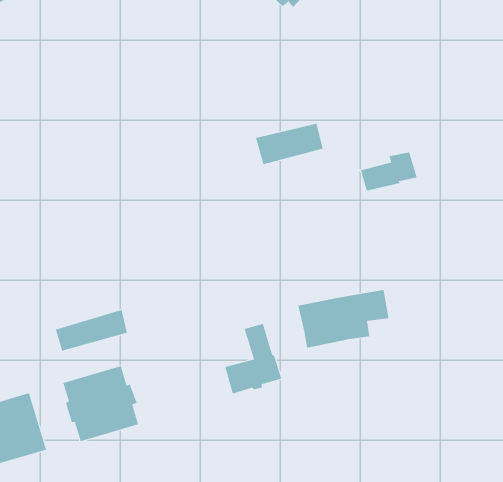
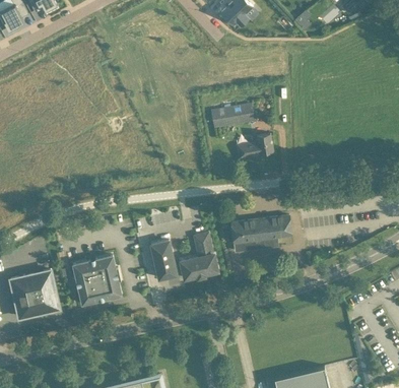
building: [360,152,417,191] -> [236,135,273,159]
building: [55,309,127,351] -> none
building: none -> [150,242,176,279]

